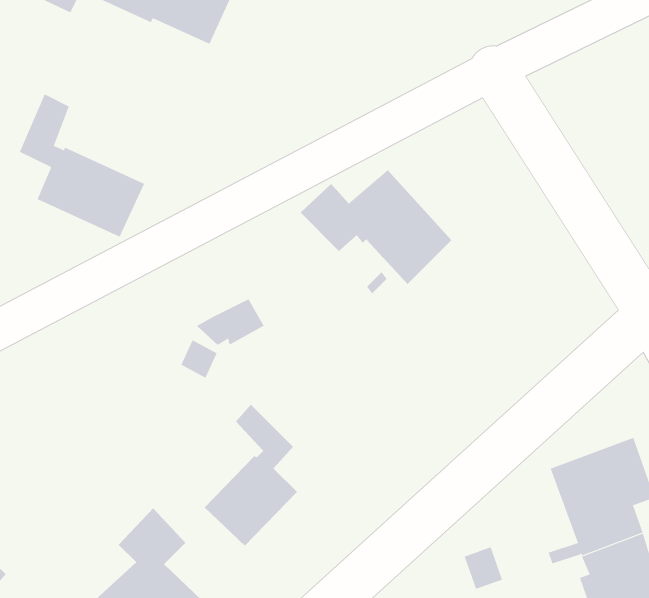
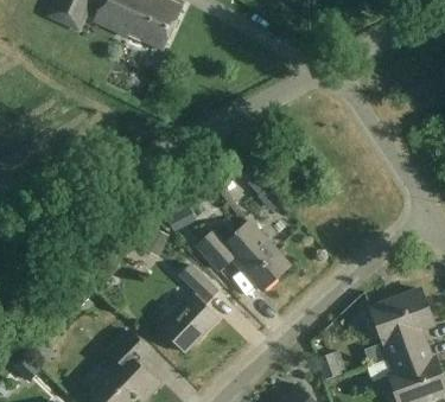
building: [19,94,145,237] -> none
building: [300,170,452,285] -> [196,222,288,292]

